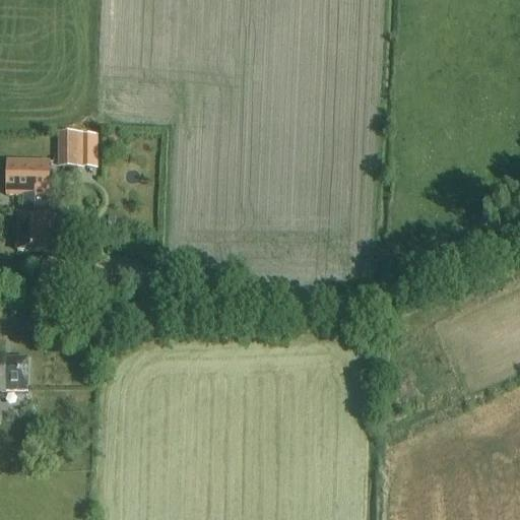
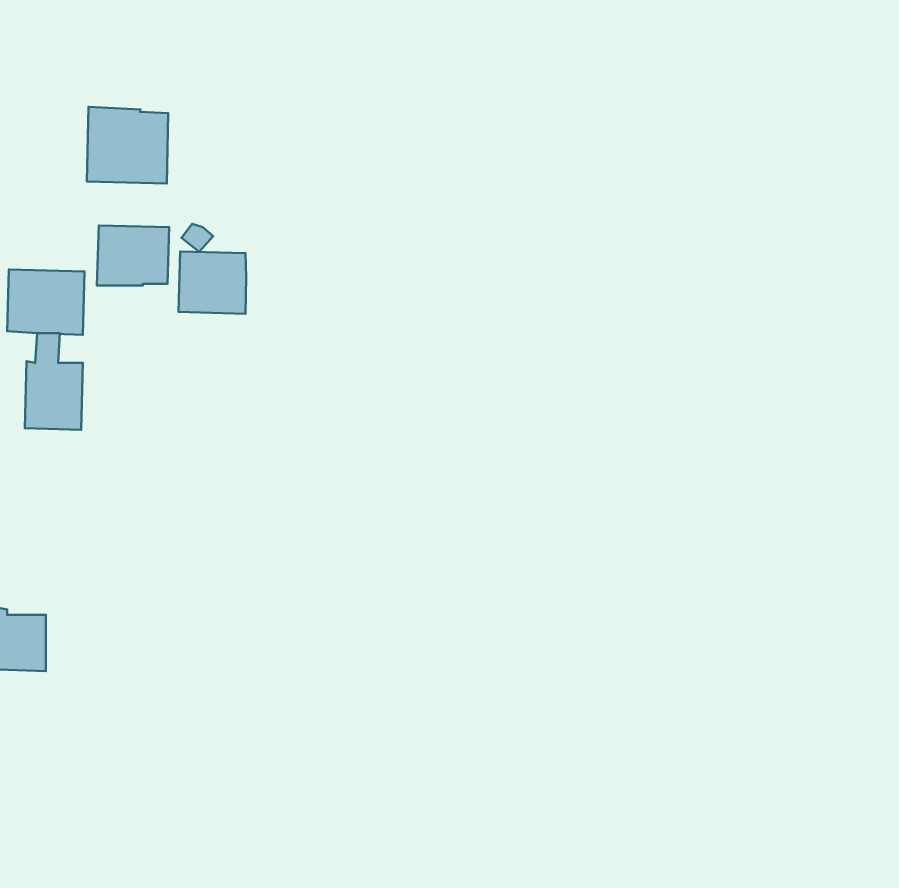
building: none -> [87,107,168,184]
building: none -> [178,251,246,314]

